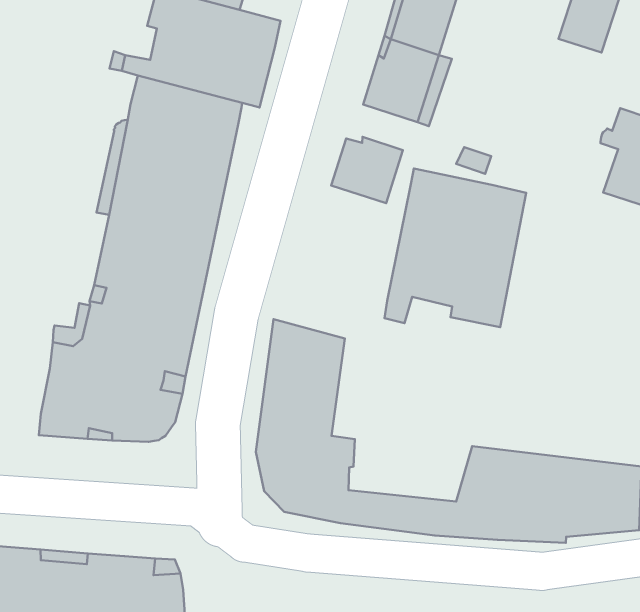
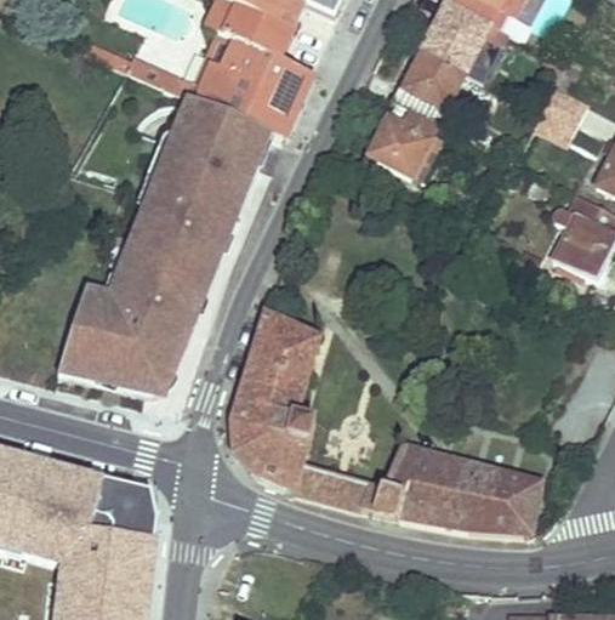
building: [331,137,403,203] -> none
building: [384,169,526,327] -> none

